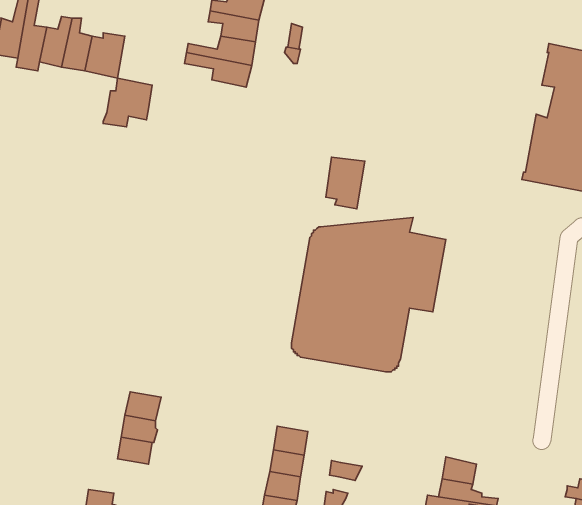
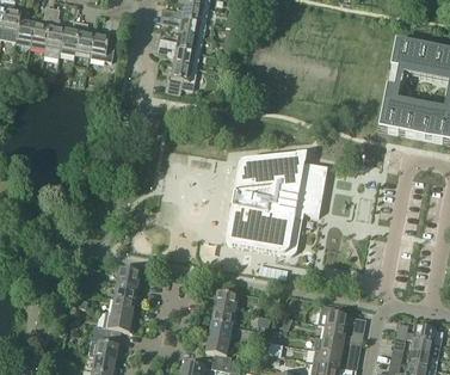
building: [103,78,152,127] -> [165,61,197,93]
building: [326,157,365,209] -> none
building: none -> [93,309,135,336]

